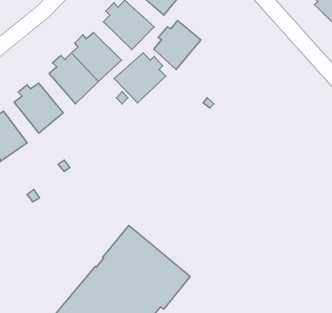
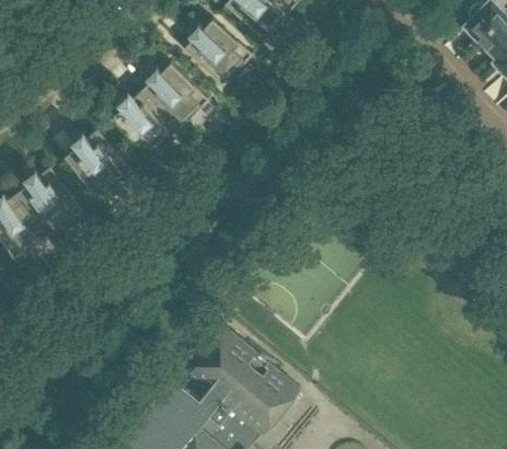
building: [154,20,201,70] -> none
building: [114,53,166,103] -> none

